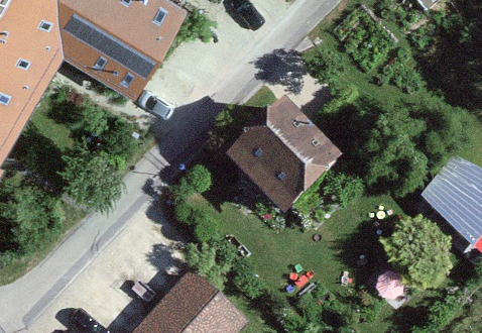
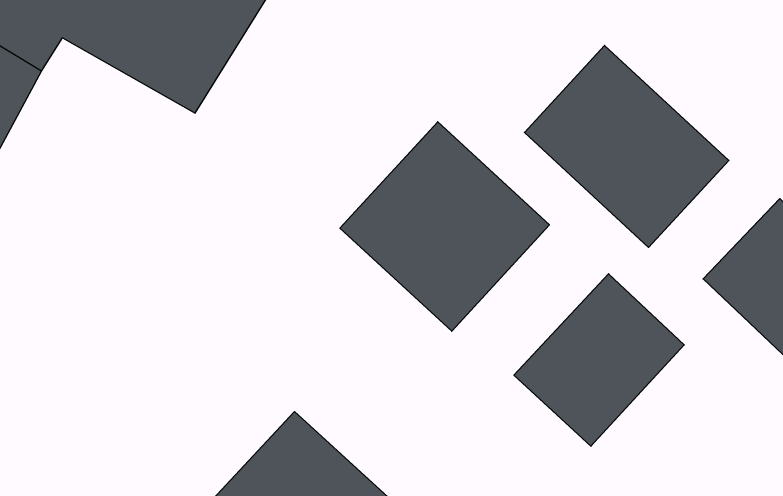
building: none -> [524,45,729,247]
building: none -> [514,274,684,446]

